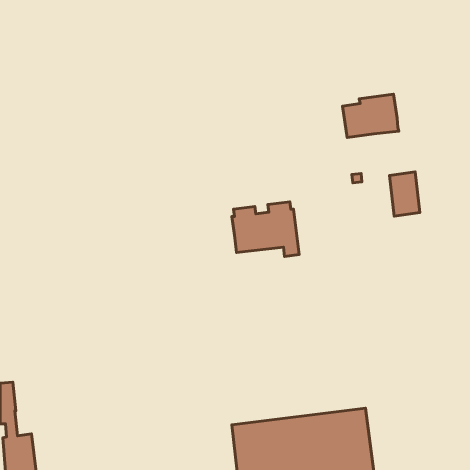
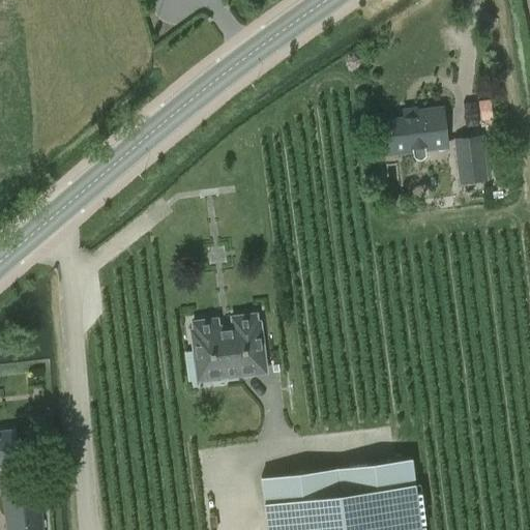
building: [389,172,420,216] -> [454,136,489,185]
building: [232,202,299,256] -> [192,315,267,376]

